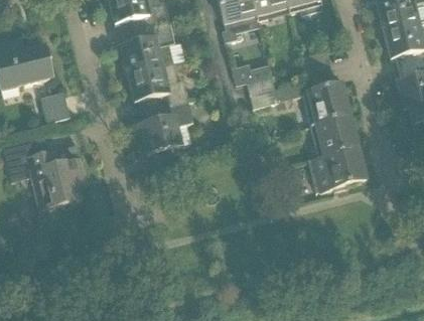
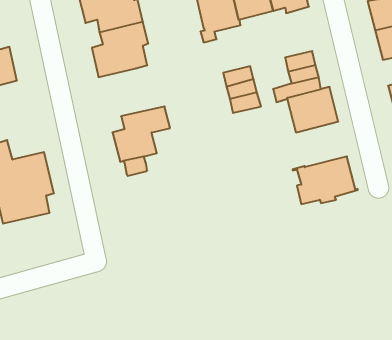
building: [127,62,188,110] -> none
building: [40,91,69,122] -> none
building: [310,115,358,157] -> none

